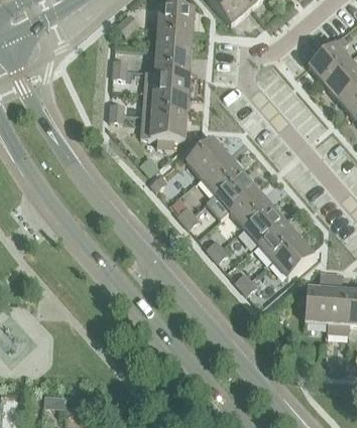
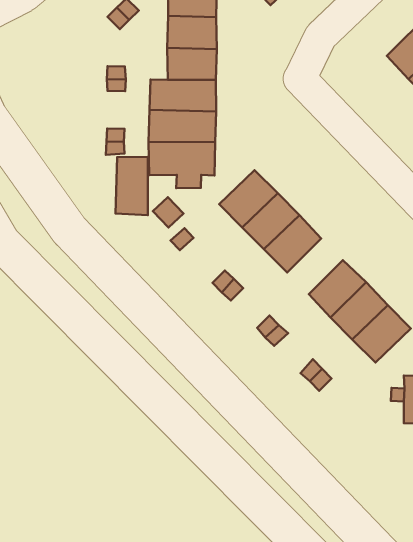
building: none -> [116,157,148,215]
building: [230,188,269,227] -> none

